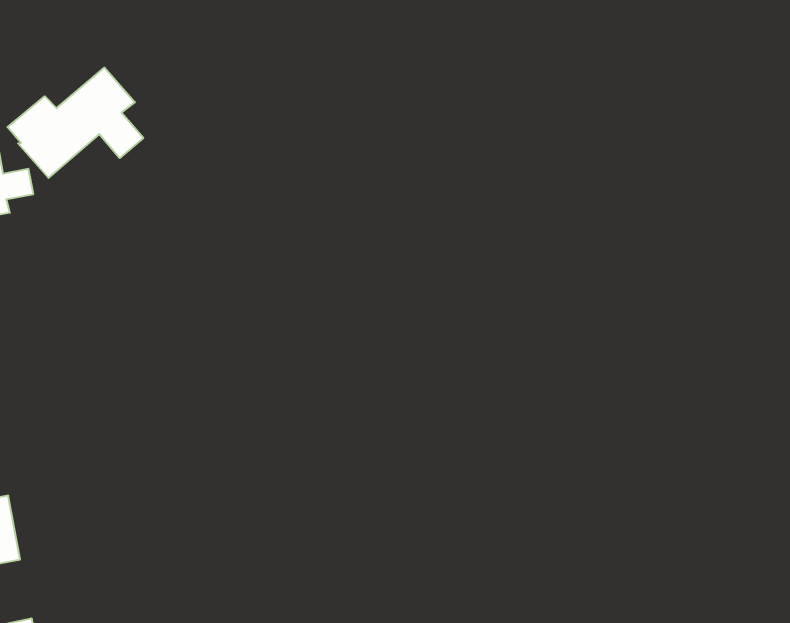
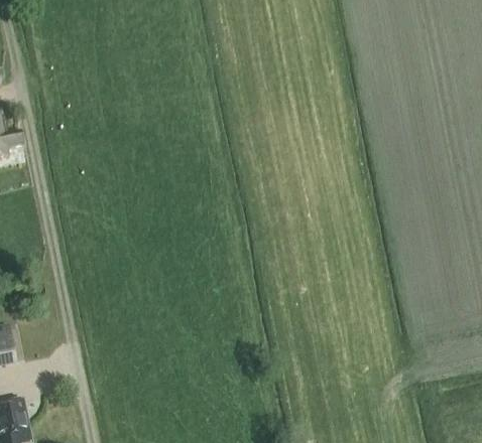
building: [7,68,143,178] -> none

